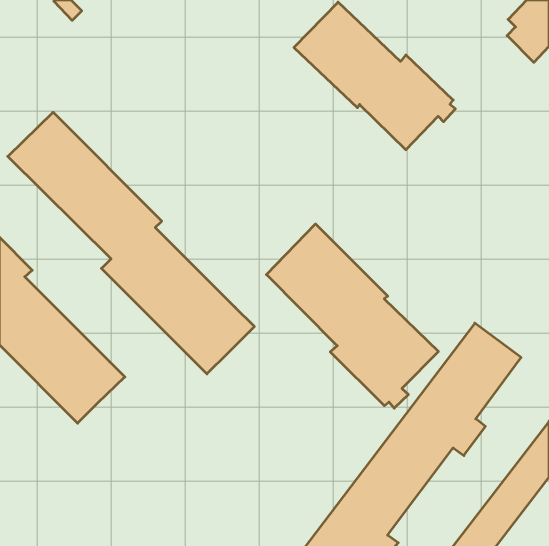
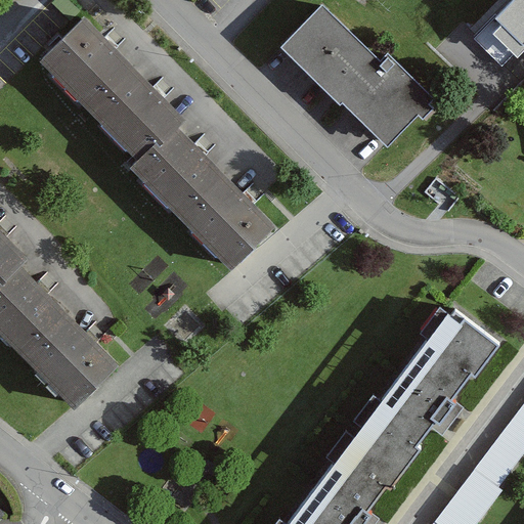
building: [8,112,254,374] -> [40,20,274,269]
building: [266,224,438,408] -> none

